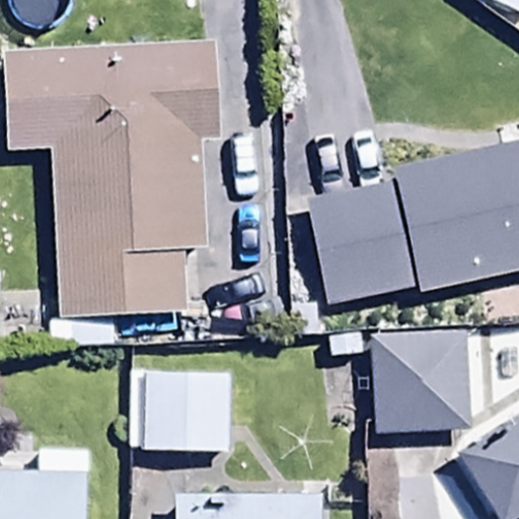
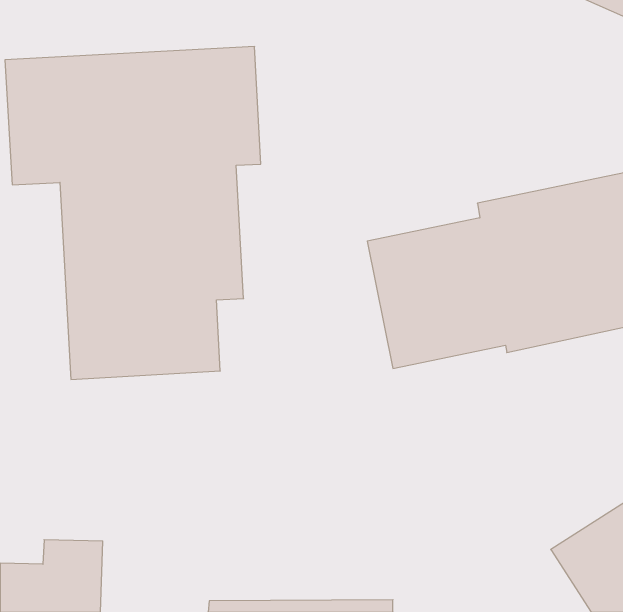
building: [367,331,465,434] -> none
building: [144,367,232,453] -> none

